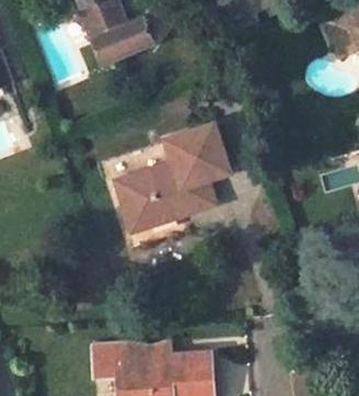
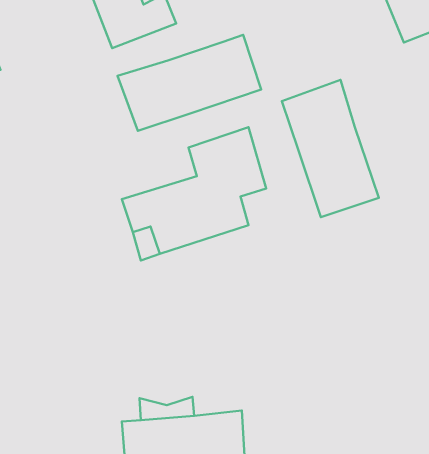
building: none -> [118,35,261,131]
building: none -> [282,80,379,217]

